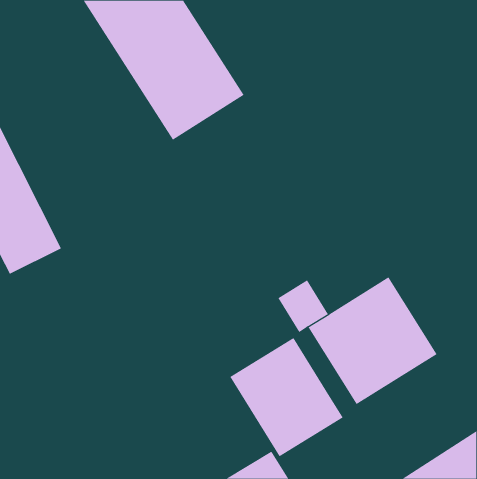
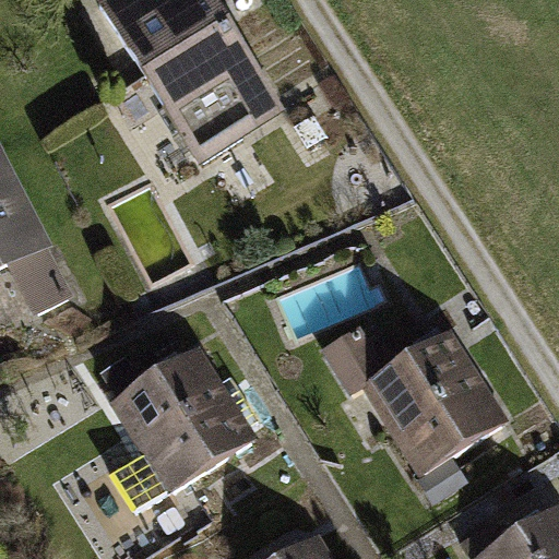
building: none -> [81,343,255,528]
building: [229,337,344,457] -> none

